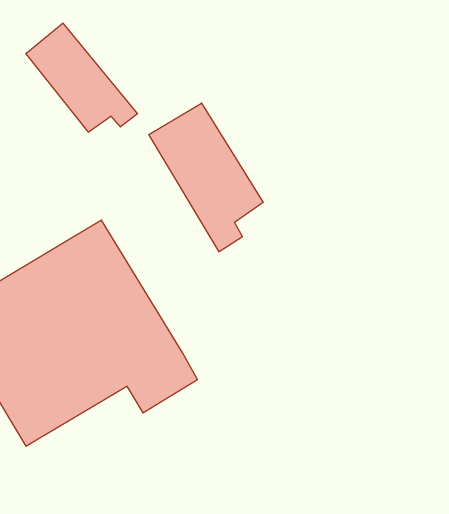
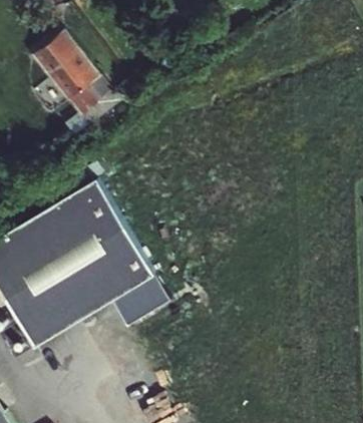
building: [149,103,263,252] -> none

